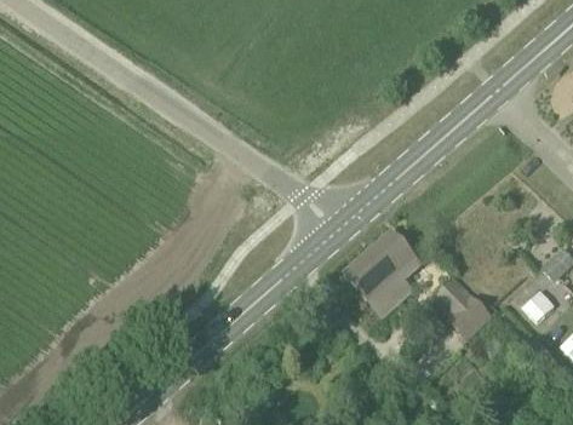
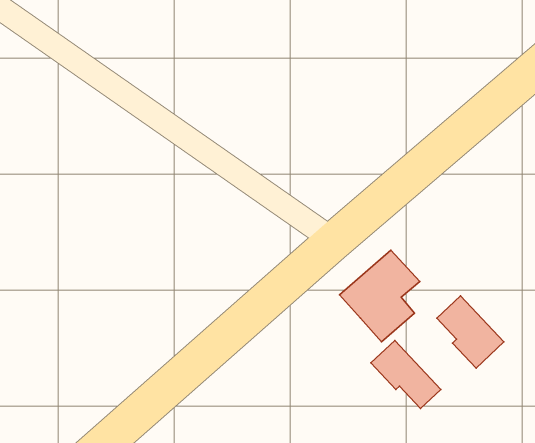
building: none -> [371,340,441,409]

